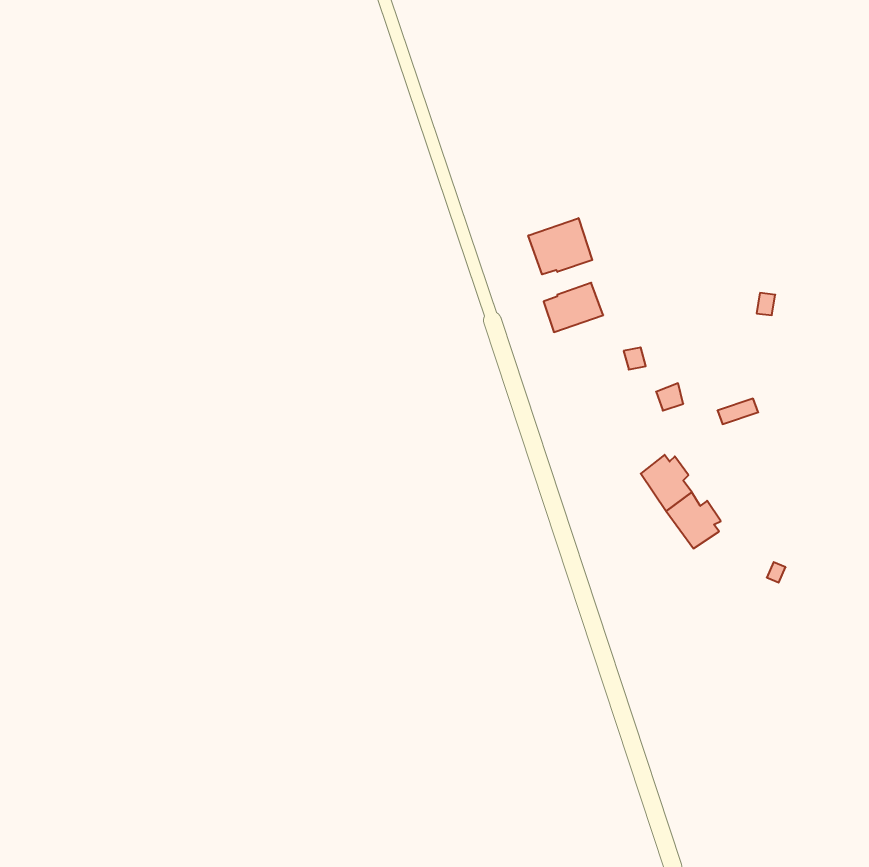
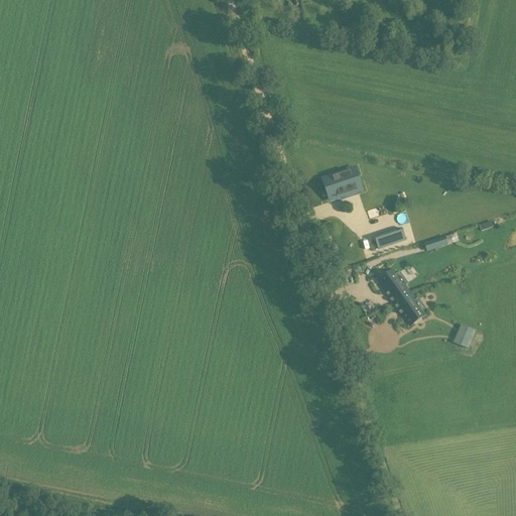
building: [528,218,592,274] -> none

